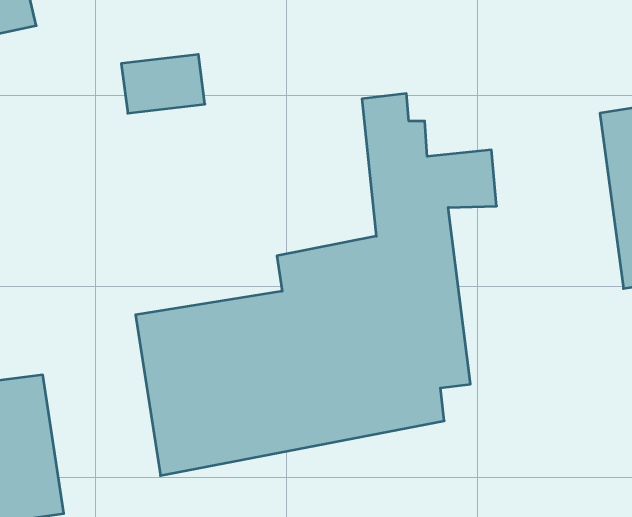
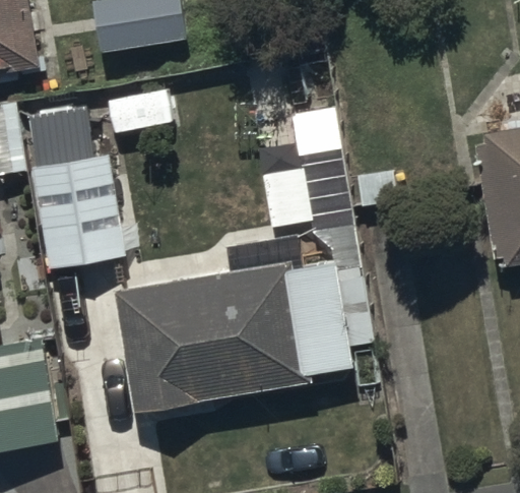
building: none -> [26,106,125,271]

